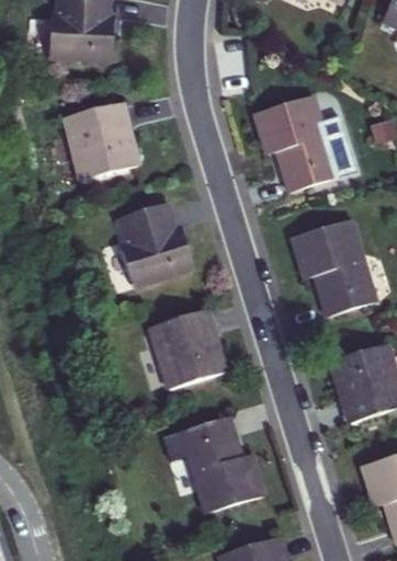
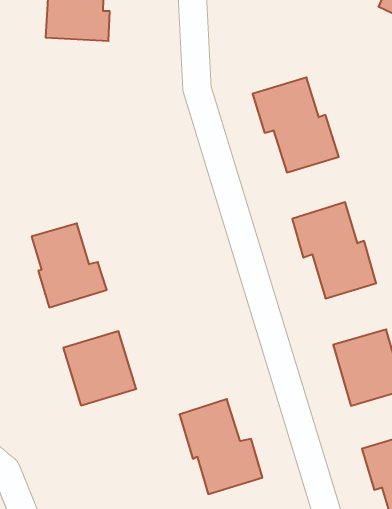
building: [66,104,136,180] -> none
building: [118,203,193,286] -> [32,223,107,307]
building: [154,312,226,386] -> [63,331,136,405]

